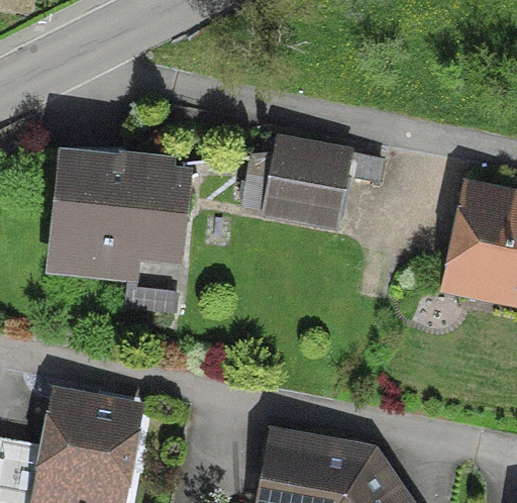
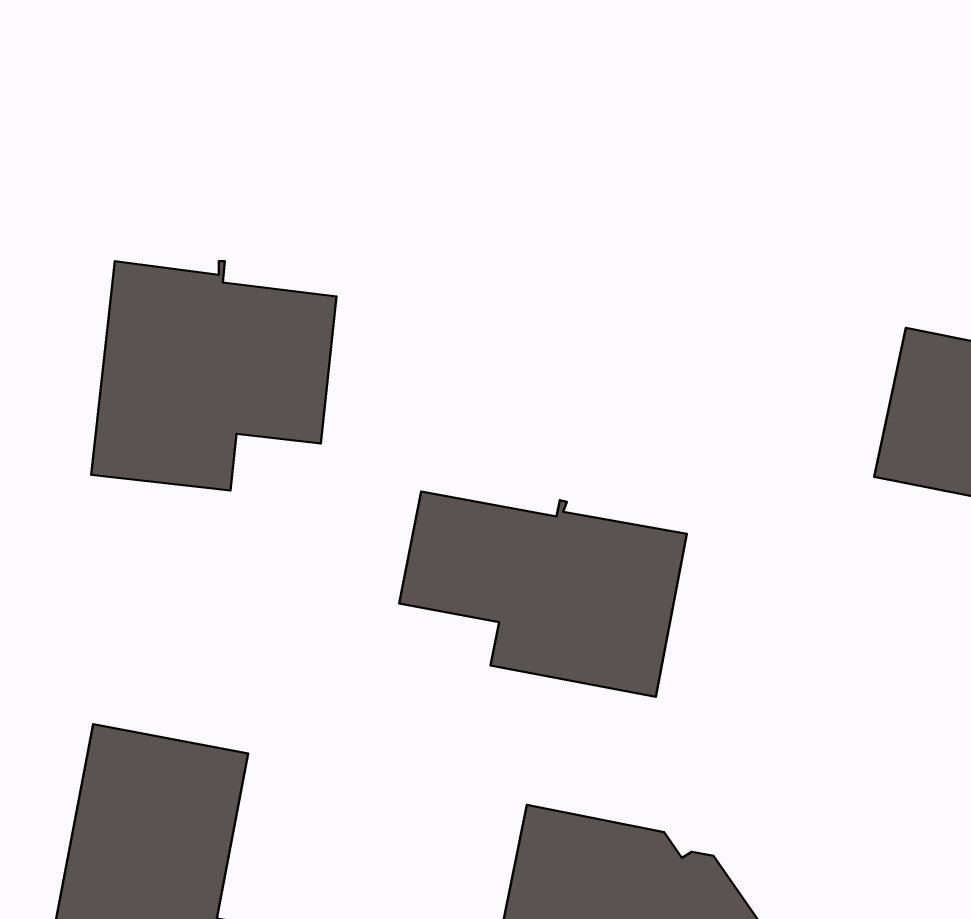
building: [240,141,381,224] -> none
building: none -> [399,492,687,697]

